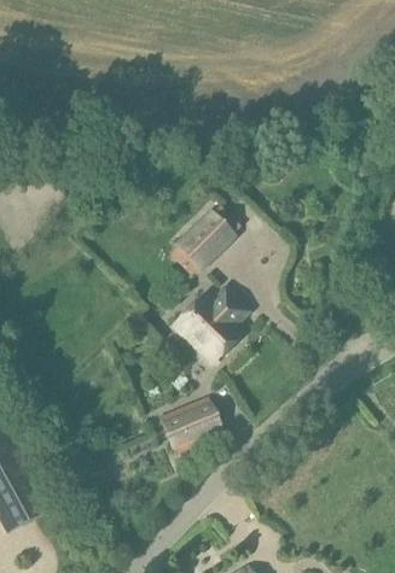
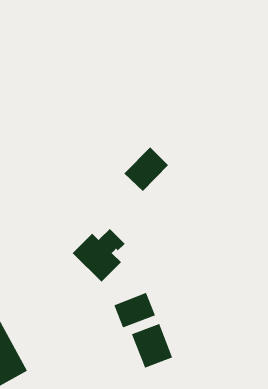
building: [173,293,243,364] -> [72,228,125,283]
building: none -> [131,323,173,369]

